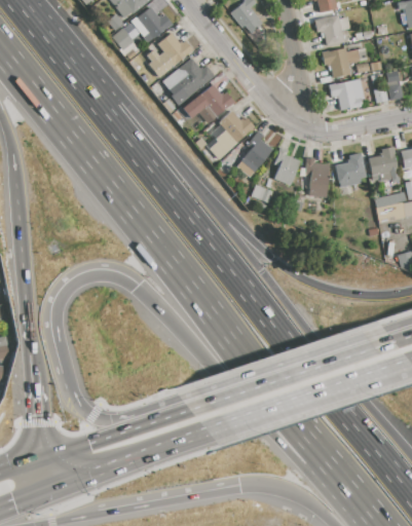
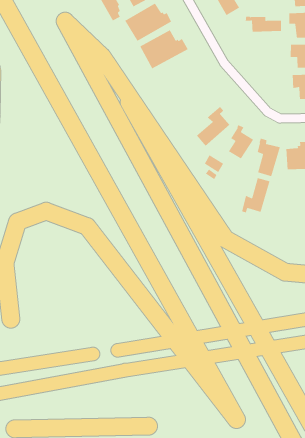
building: none -> [245,16,282,33]
building: [176,83,234,123] -> none
building: [205,110,254,159] -> none
building: none -> [241,177,271,214]

